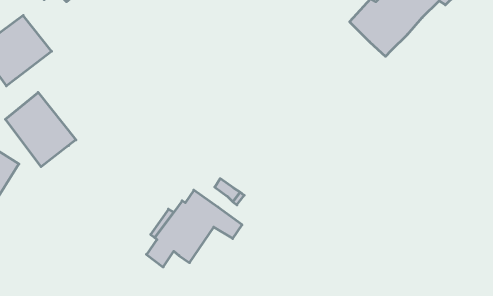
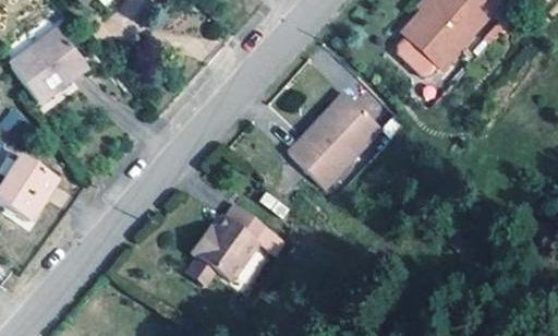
building: none -> [286,91,378,187]
building: [5,92,76,167] -> none

